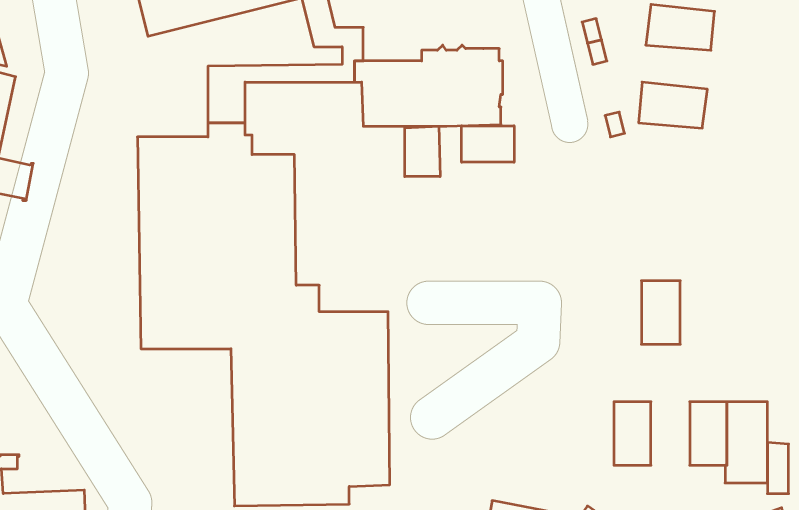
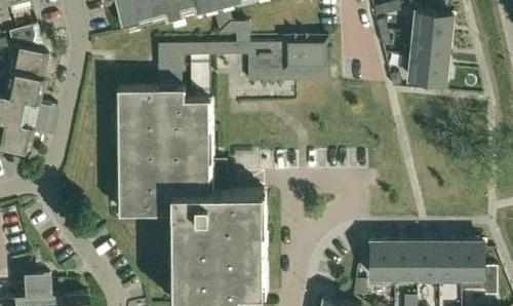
building: none -> [410,35,450,61]
building: [462,126,514,162] -> none
building: [405,126,440,177] -> none
building: [641,281,680,344] -> [416,242,438,279]
building: none -> [370,241,394,279]

